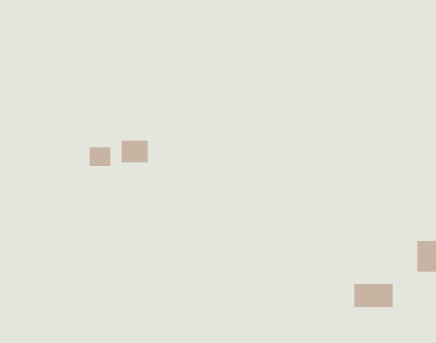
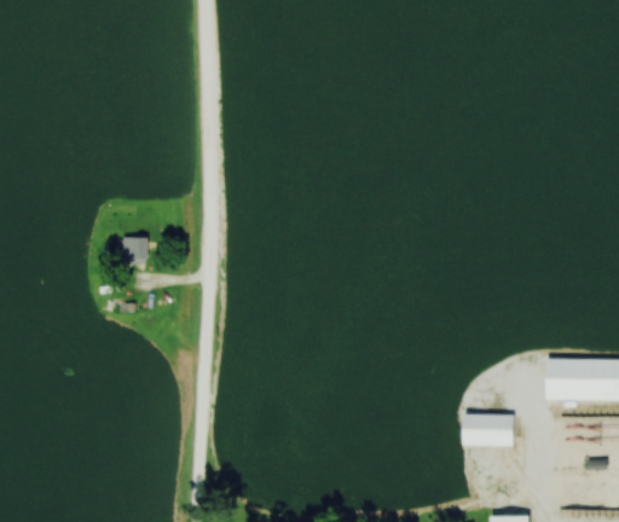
building: [121,140,148,163] -> none

